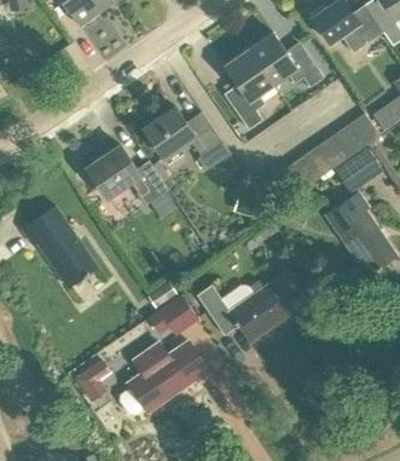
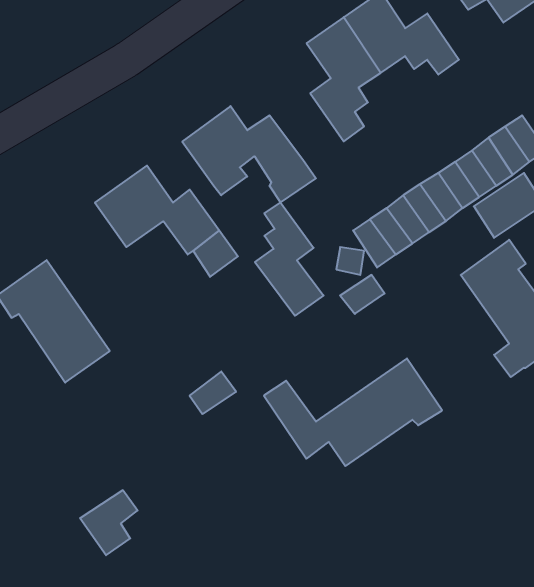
building: none -> [255,203,324,316]
building: [146,294,196,334] -> none
building: [121,341,213,415] -> none

